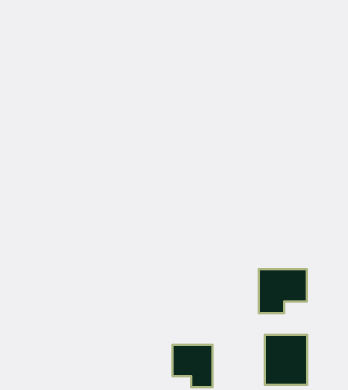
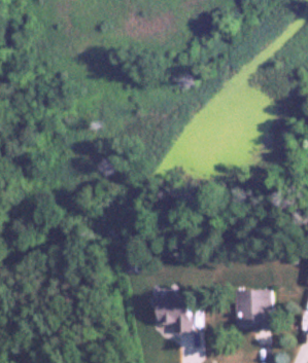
building: [259,269,307,313] -> none

